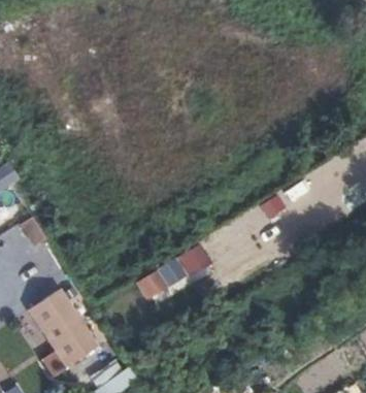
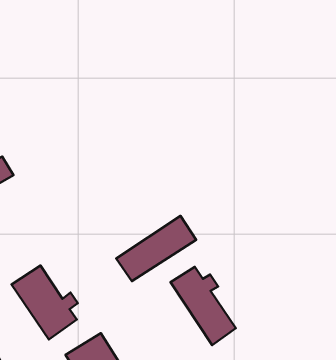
building: none -> [170,267,236,345]

